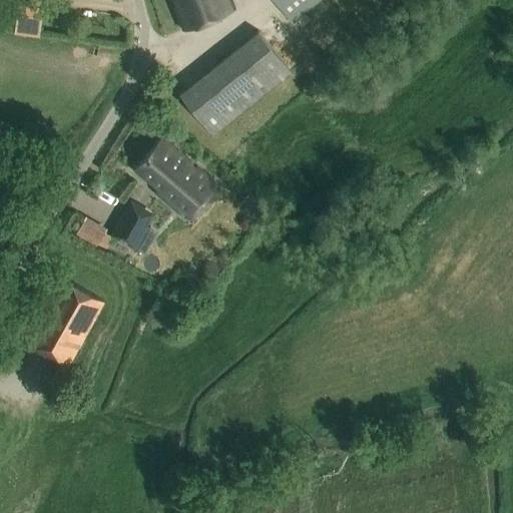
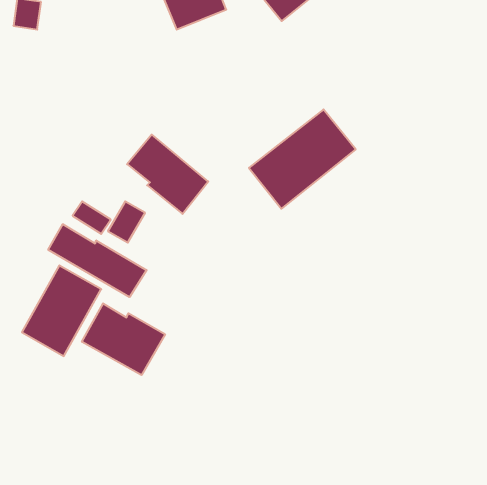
building: [180,28,293,132] -> [249,109,356,209]
building: none -> [48,224,147,297]
building: none -> [82,303,165,375]

